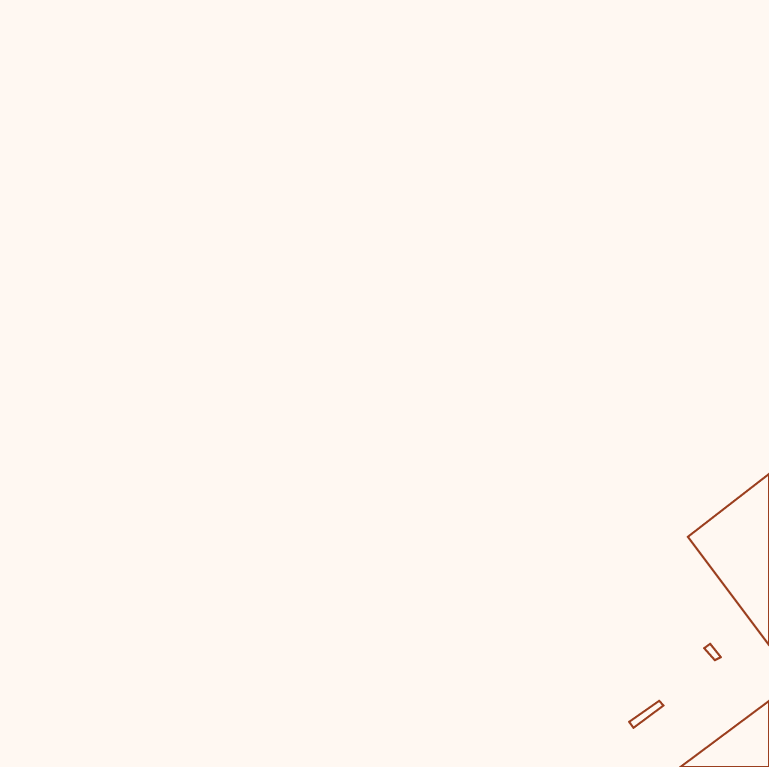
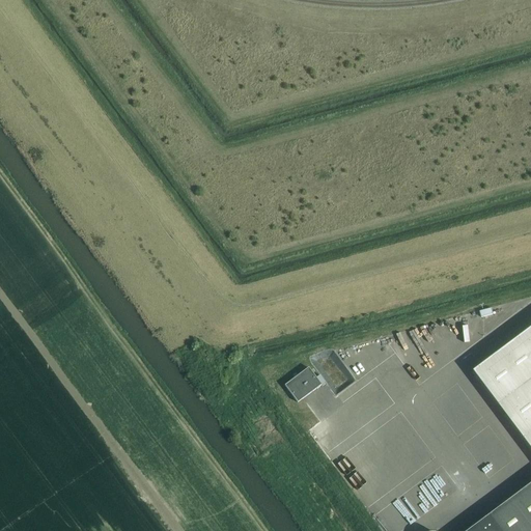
building: none -> [284,366,322,401]

